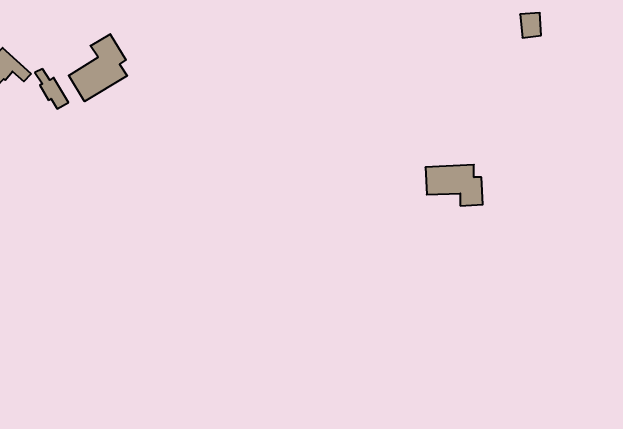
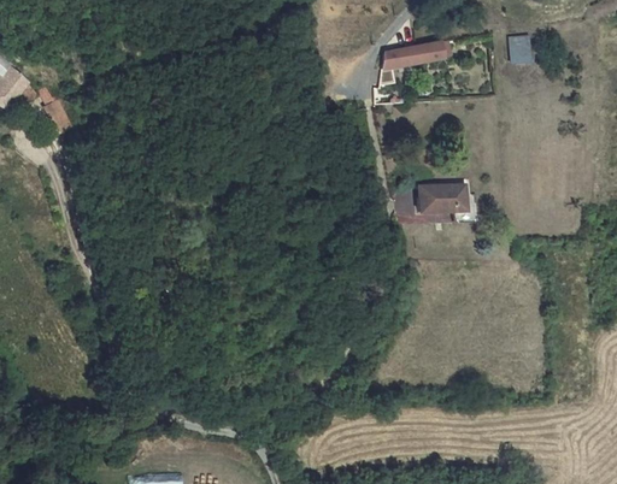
building: none -> [375,41,441,70]
building: [69,34,127,101] -> none

